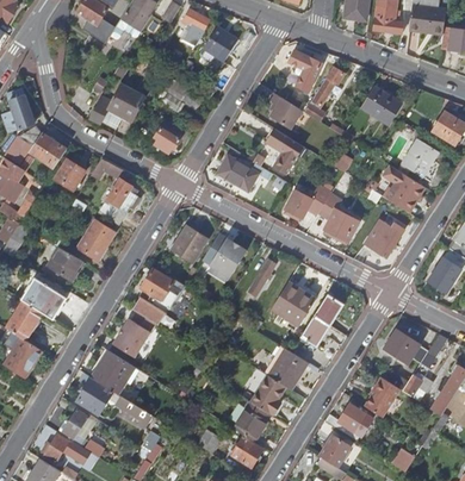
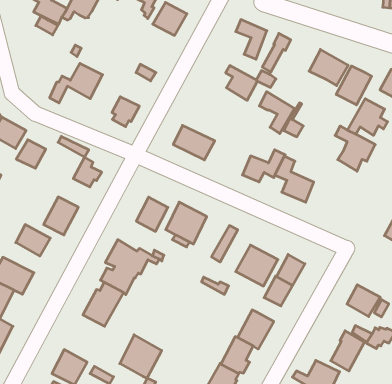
building: none -> [336,66,372,105]
building: [266,129,302,173] -> [259,92,294,134]
building: [362,219,401,258] -> none
building: [91,349,135,394] -> [120,335,162,378]

